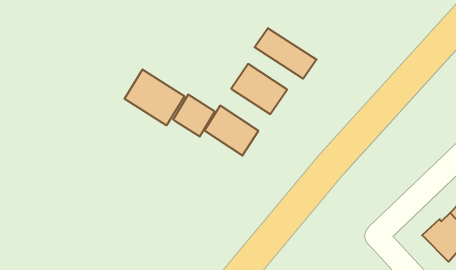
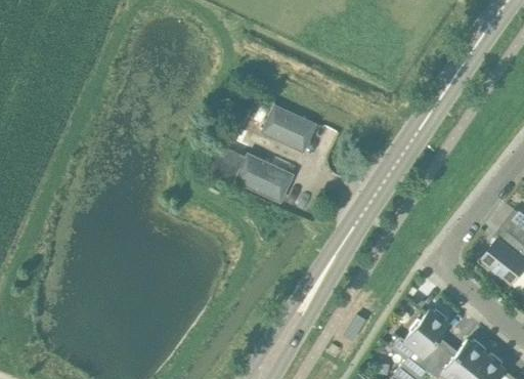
building: [255,28,317,79] -> none
building: [125,69,184,125] -> none

